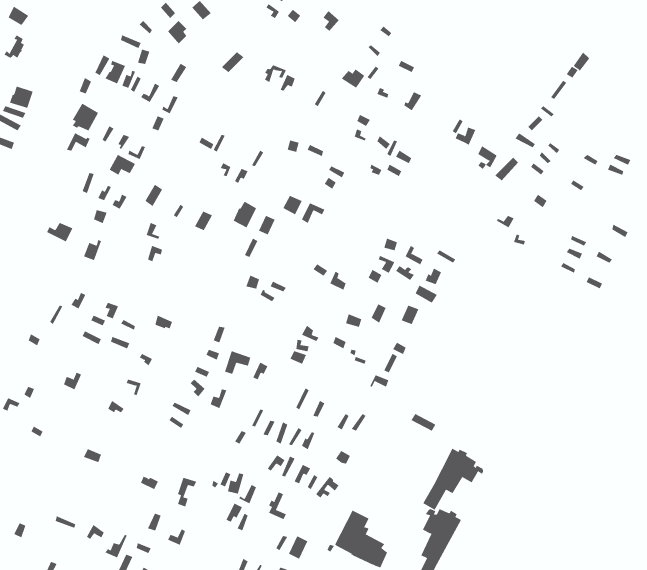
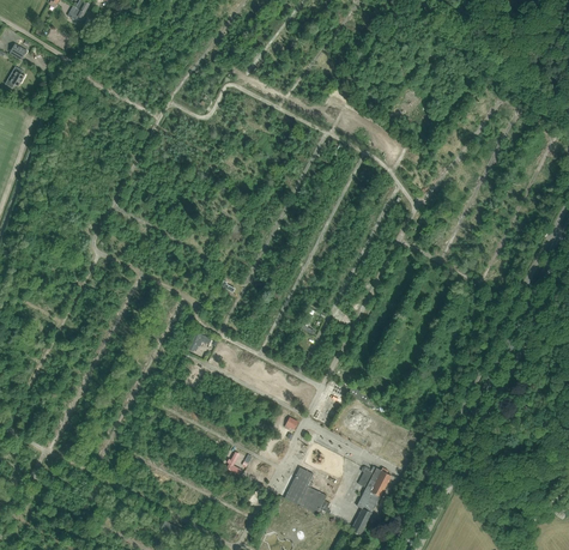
building: [422,448,484,510] -> none

